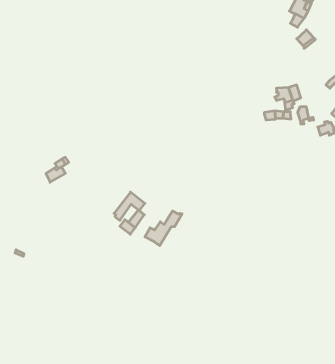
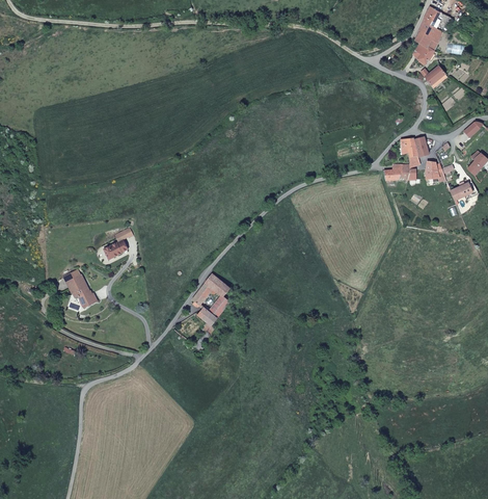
building: none -> [69,273,96,306]
building: [145,211,182,246] -> none

